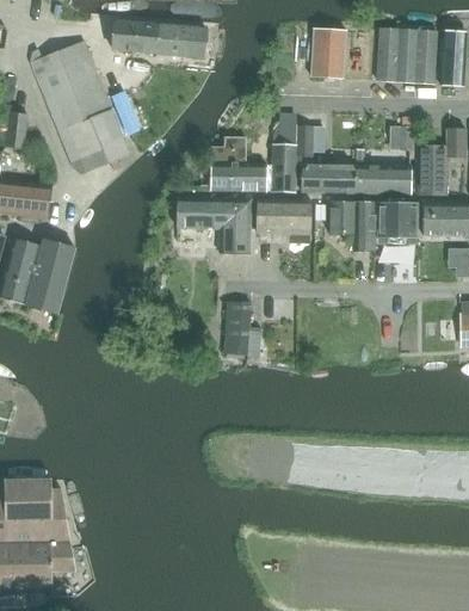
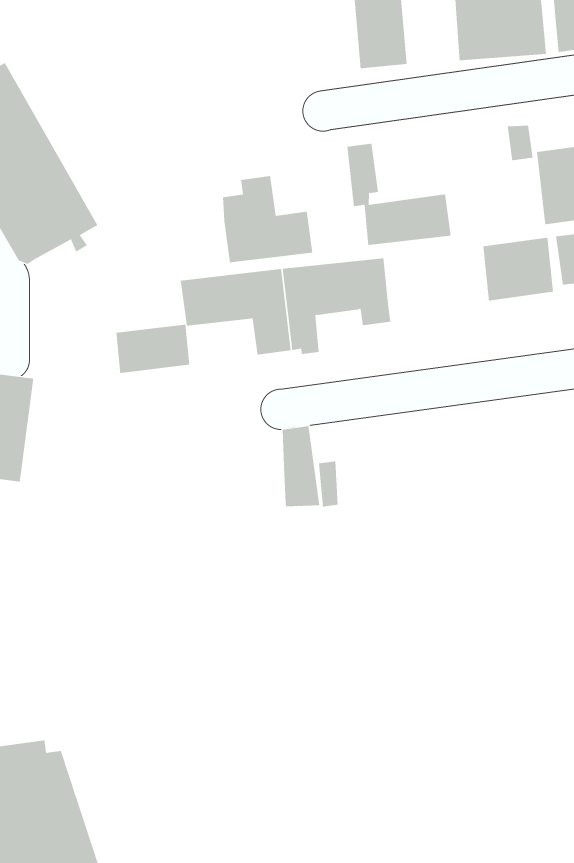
building: [112,20,205,57] -> none
building: [271,119,296,191] -> none
building: [356,165,411,193] -> none
building: [329,200,375,251] -> none
building: none -> [116,324,190,374]

